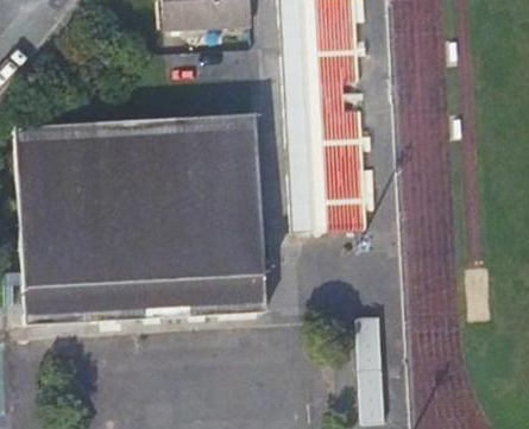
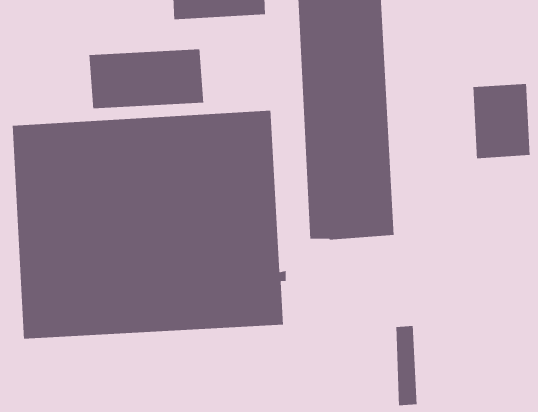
building: none -> [88,49,204,109]
building: none -> [472,83,531,159]

